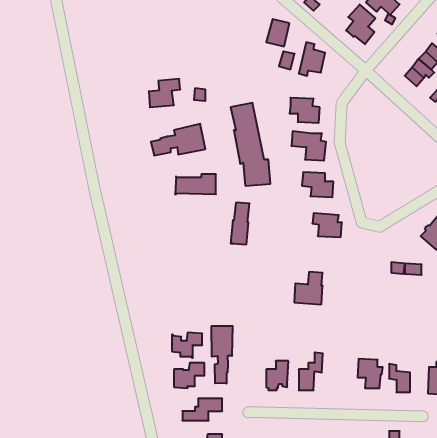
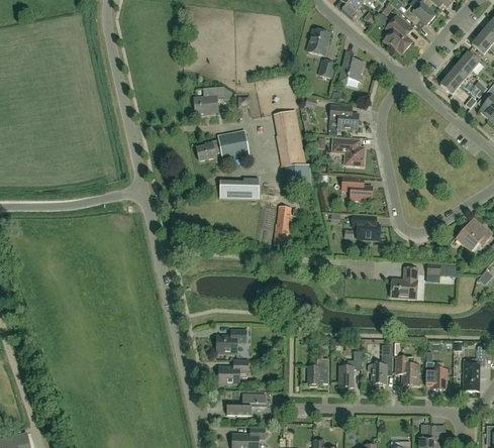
building: [294,272,323,304] -> [390,267,417,299]
building: [212,326,233,384] -> none
building: none -> [367,345,392,383]

